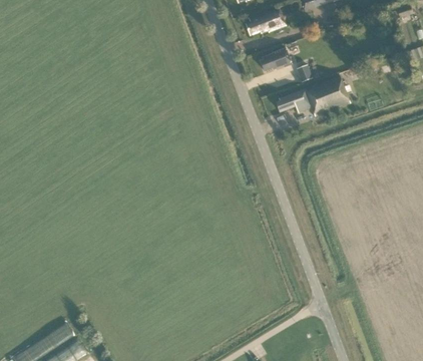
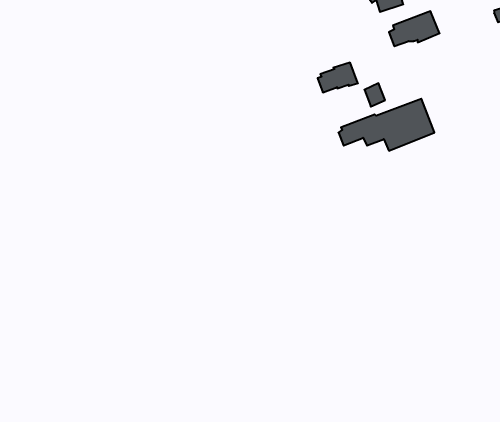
building: [244,9,283,36] -> [389,11,440,46]

